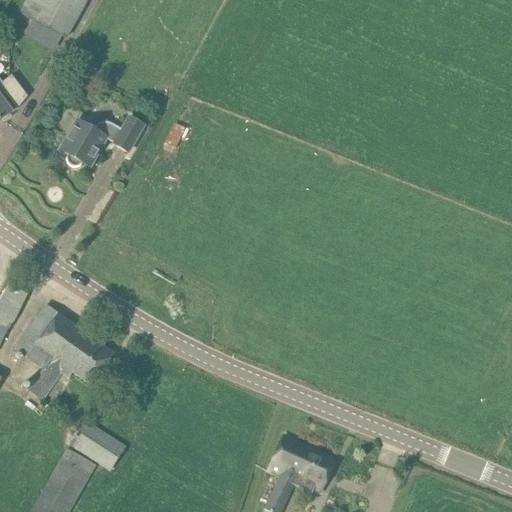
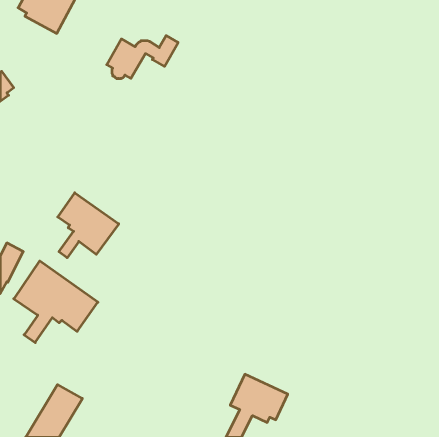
building: [60,115,143,165] -> [107,36,178,78]
building: none -> [58,193,119,258]
building: [69,421,125,470] -> none

